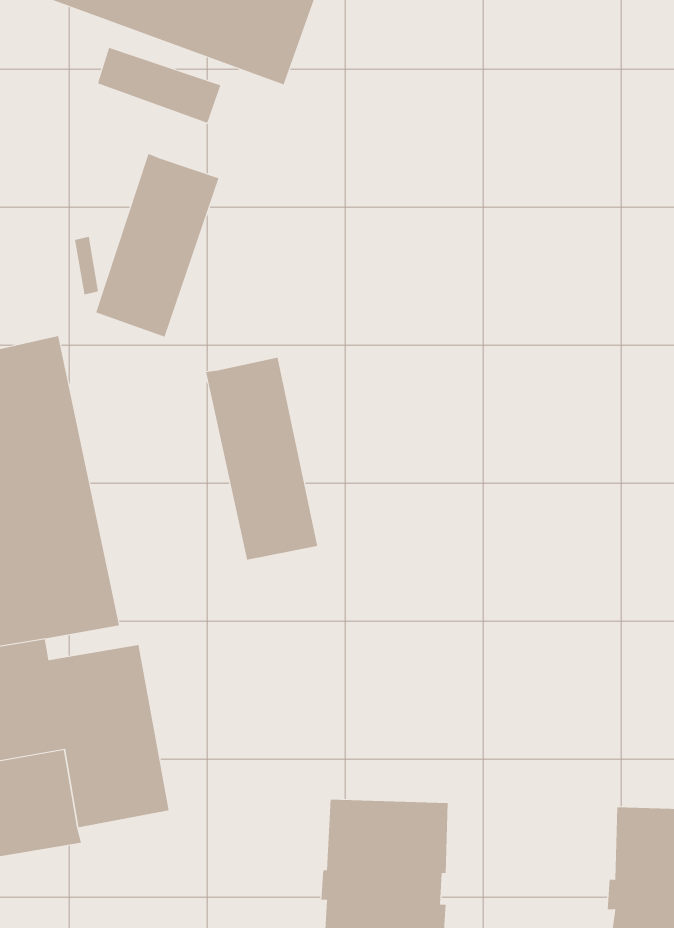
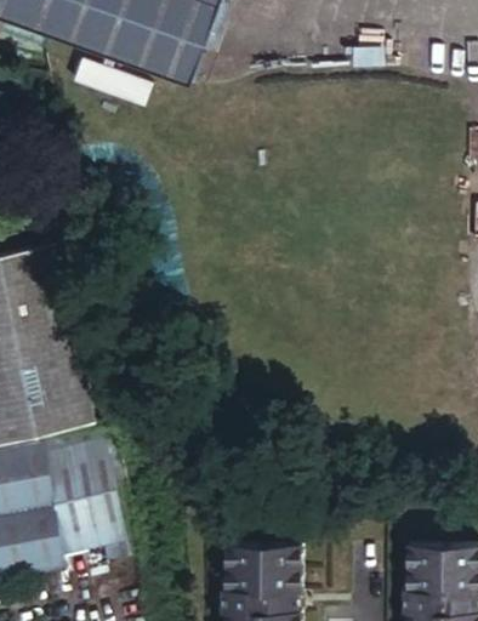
building: [96,153,219,337] -> none
building: [205,357,318,560] -> none

